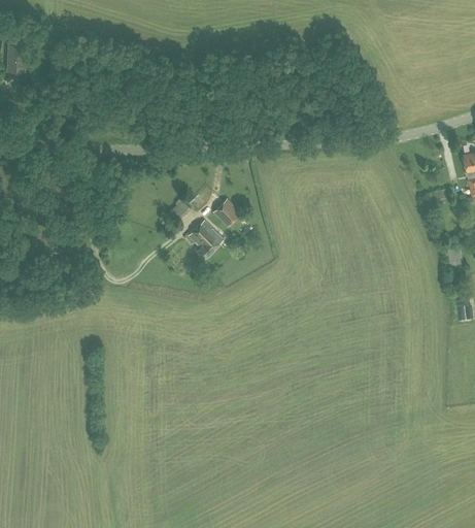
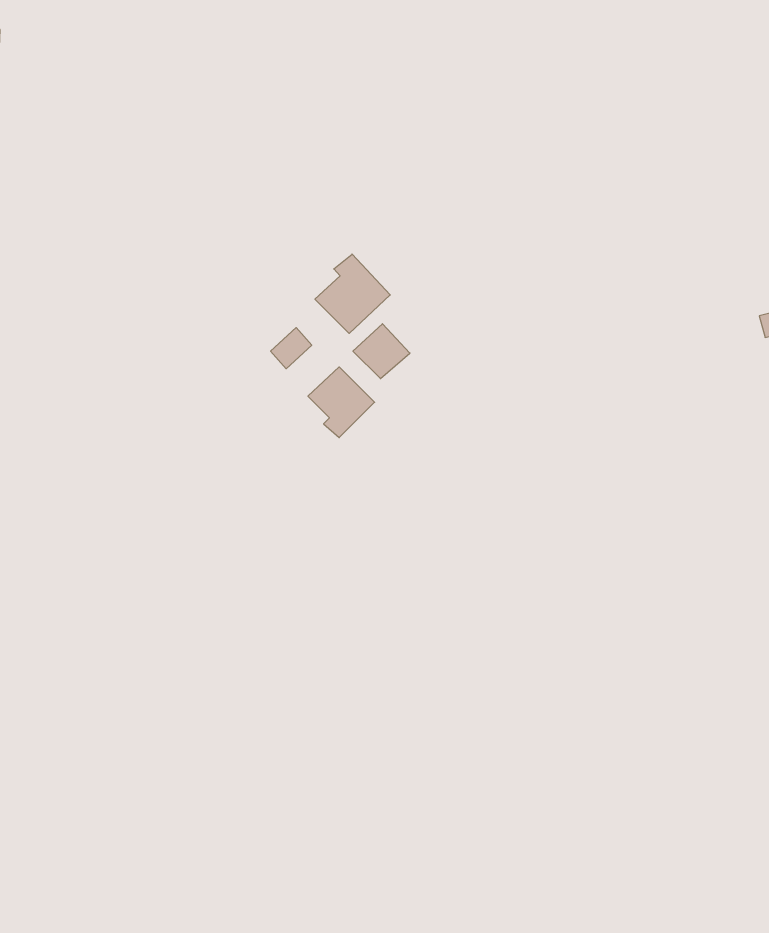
building: none -> [315,254,390,333]

